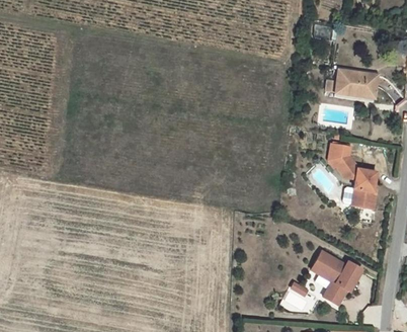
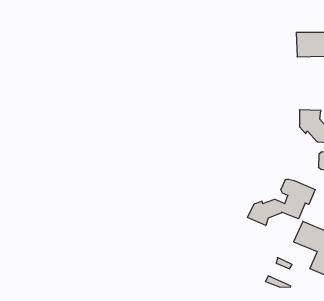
building: none -> [248,179,315,226]

